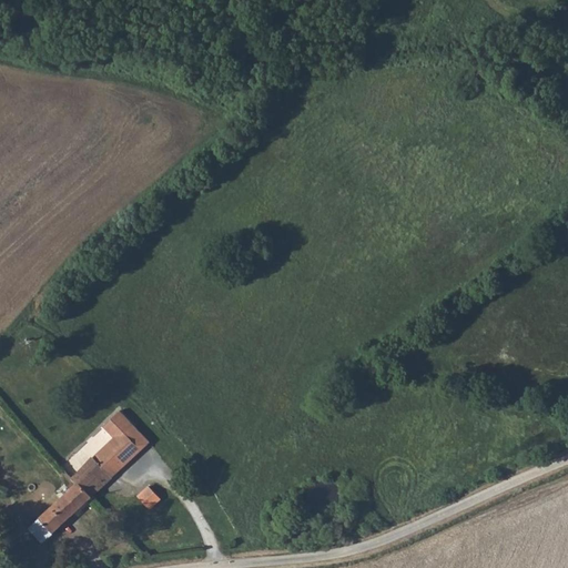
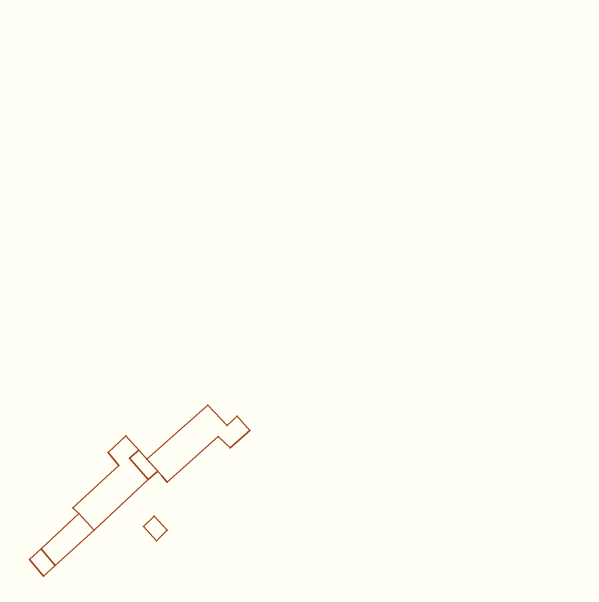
building: none -> [147,405,250,482]

